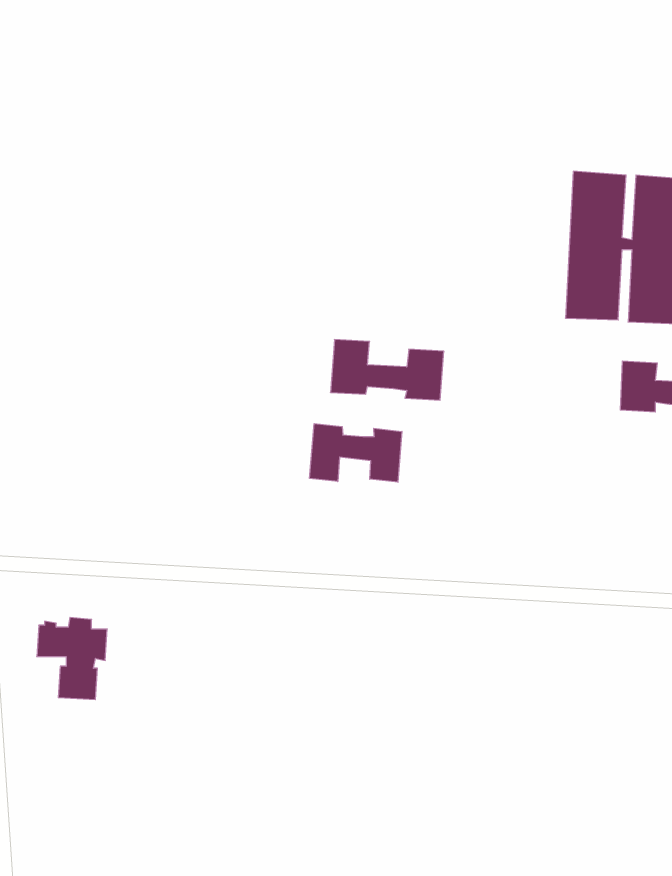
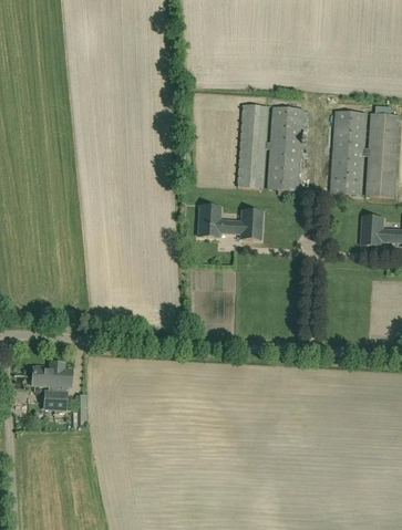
building: none -> [237,104,308,190]
building: [310,424,402,482] -> none

